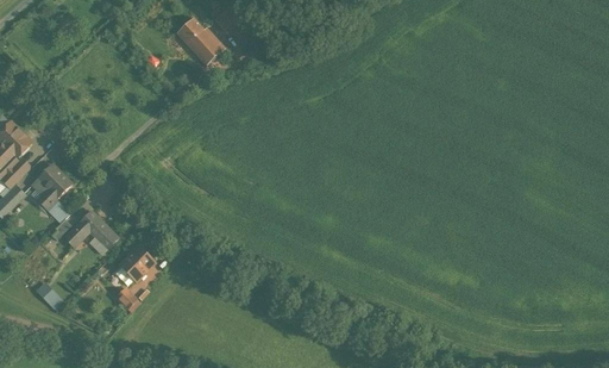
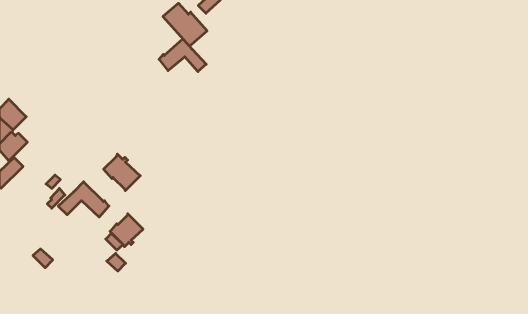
building: none -> [159,39,206,72]
building: [27,166,71,210] -> none
building: none -> [104,154,140,191]

